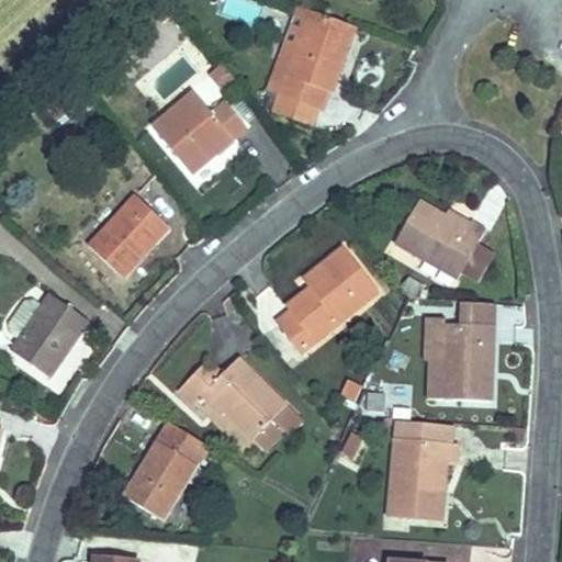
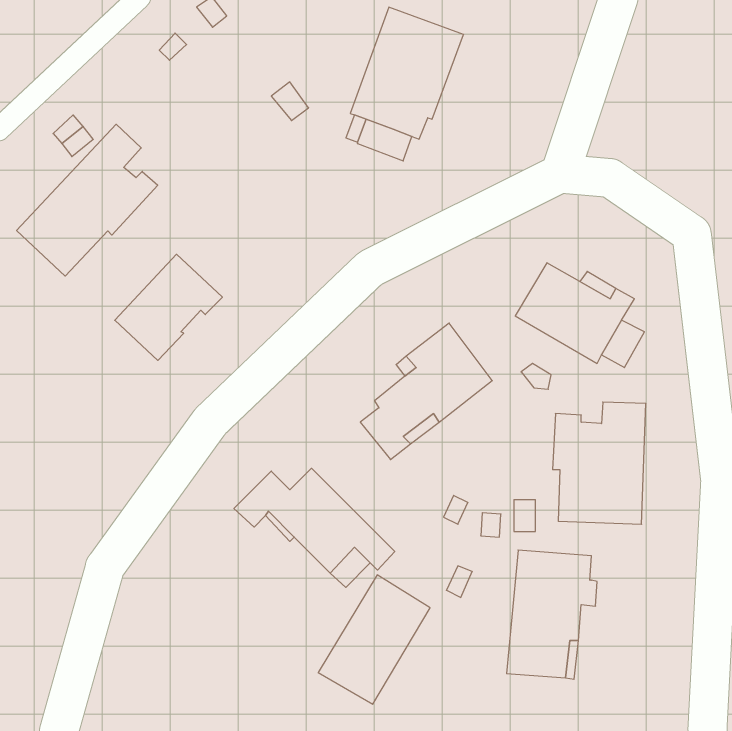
building: [153,92,245,172] -> none
building: none -> [17,124,158,276]
building: [8,293,87,378] -> none
building: [122,420,207,519] -> [318,575,430,704]

